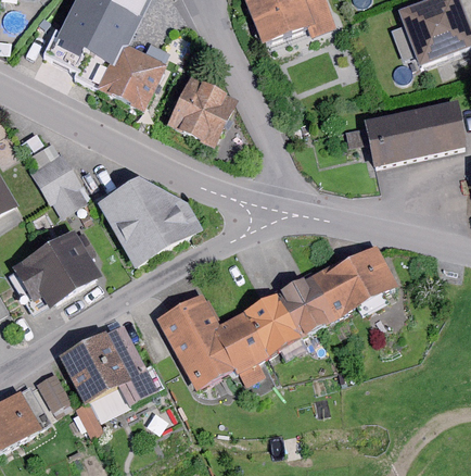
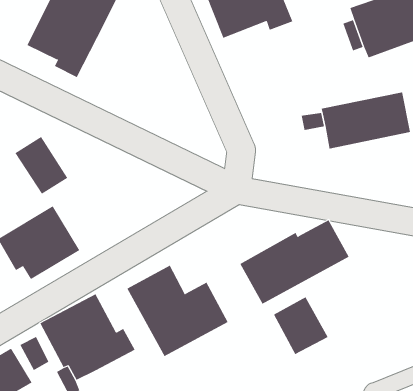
building: [99,42,167,112] -> none
building: [166,75,238,147] -> none
building: [97,178,203,268] -> none
building: [242,291,303,355] -> [273,297,329,355]

